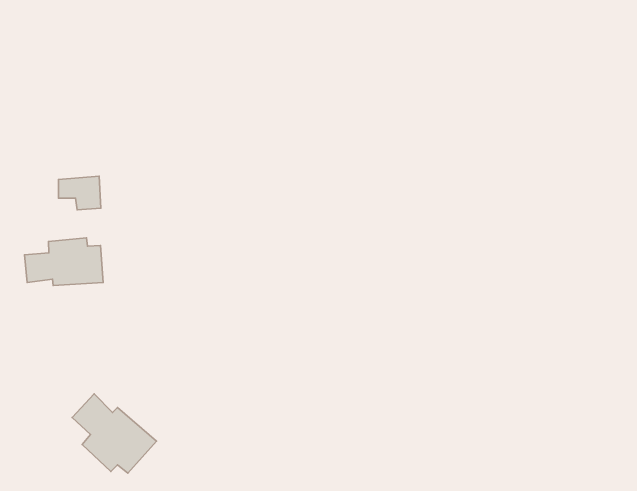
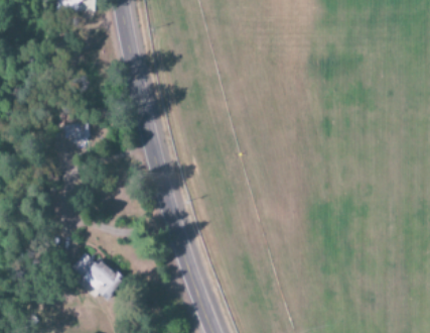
building: [25,238,103,285] -> none

